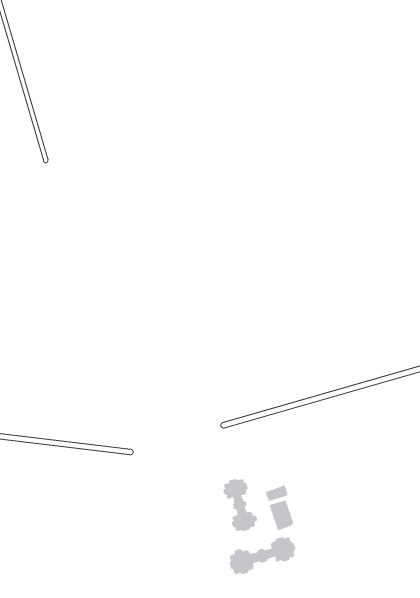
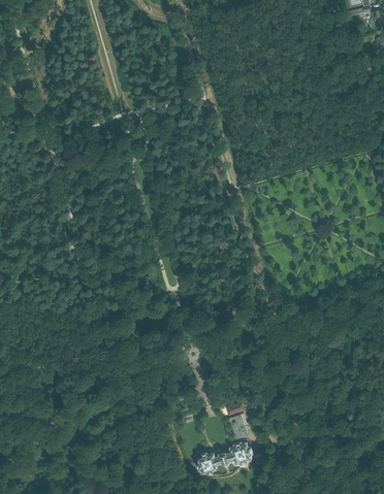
building: [222,479,258,532] -> none

